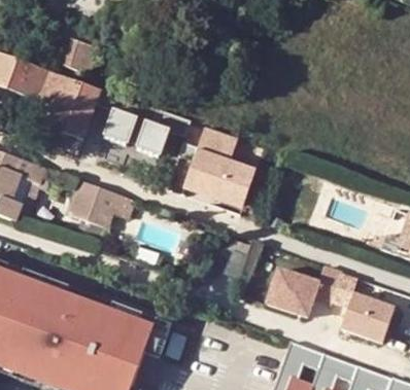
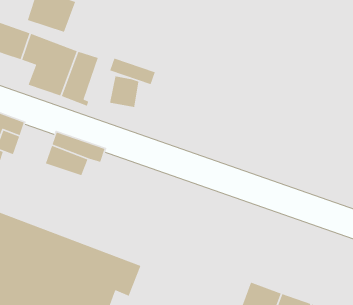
building: [180,122,259,209] -> none
building: [263,262,347,316] -> none
building: [338,287,394,340] -> none

